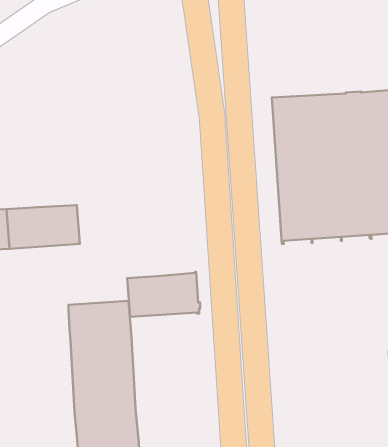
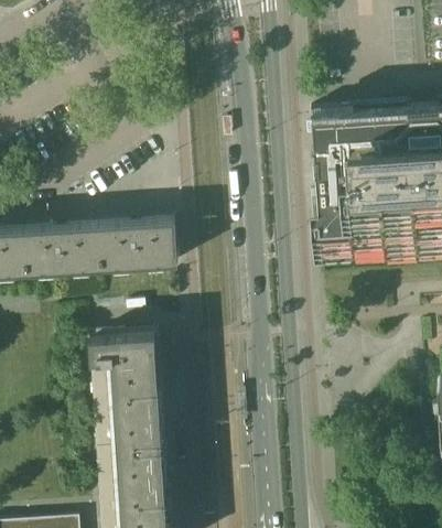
building: [127,272,200,317] -> [98,216,177,265]

